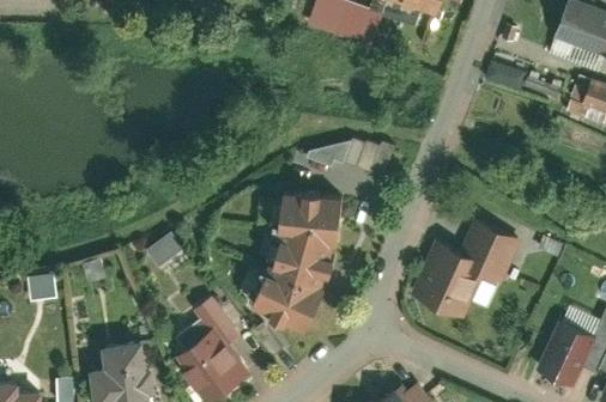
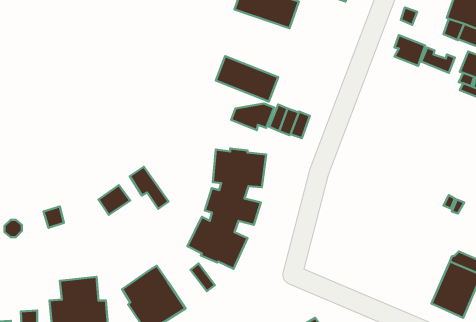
building: none -> [216,56,278,102]
building: [410,217,523,318] -> none
building: [194,296,240,345] -> [130,167,168,209]

